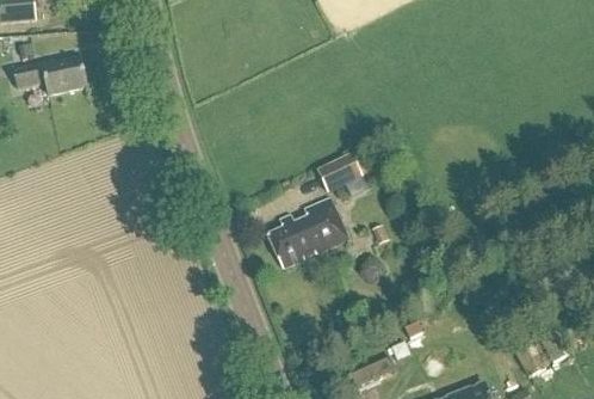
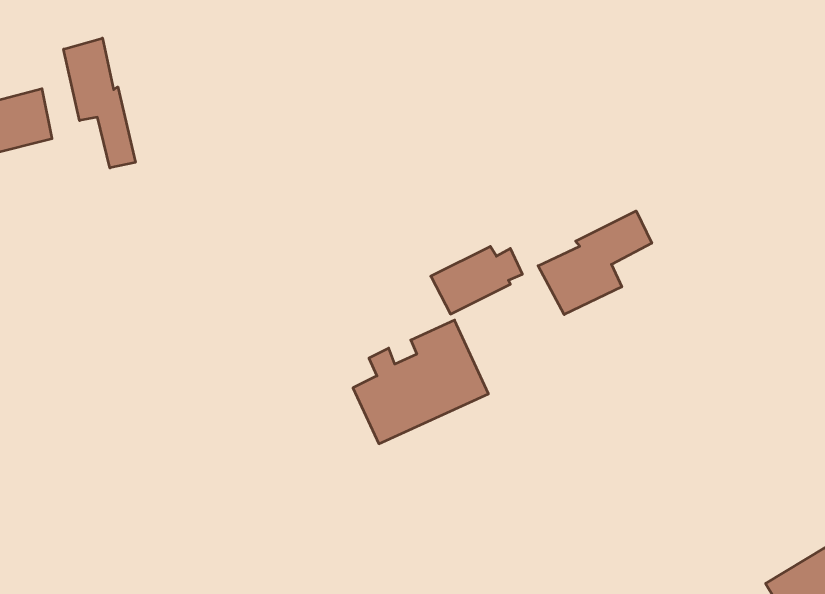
building: none -> [64,38,135,168]
building: none -> [538,211,652,315]

